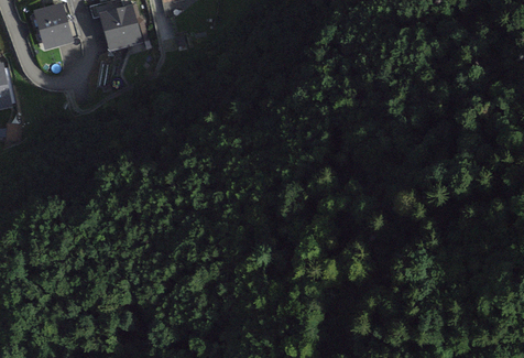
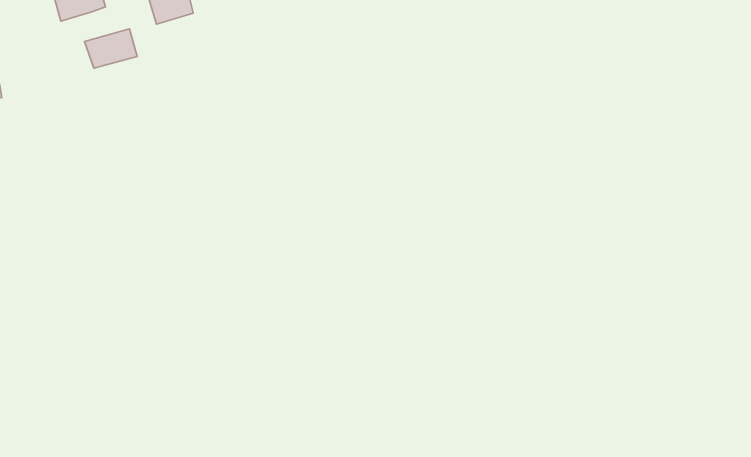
building: none -> [85,29,137,68]

